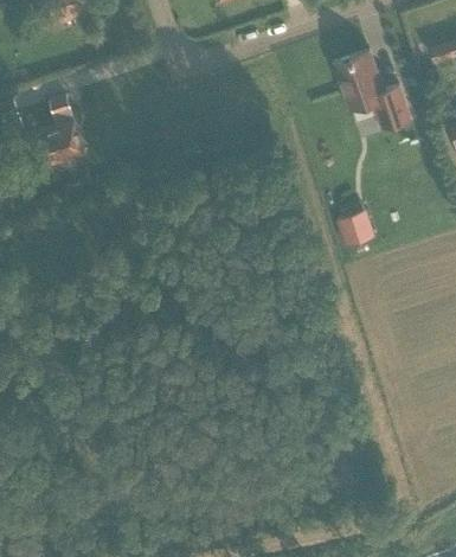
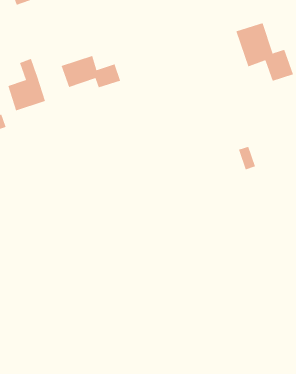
building: none -> [61,55,121,88]

